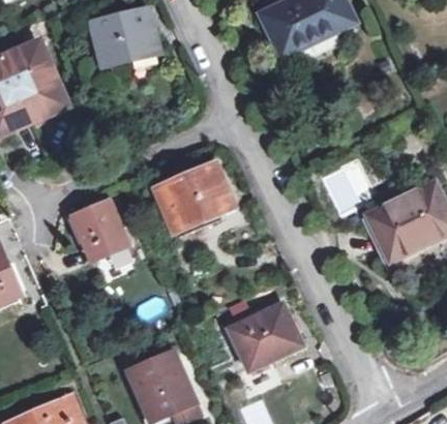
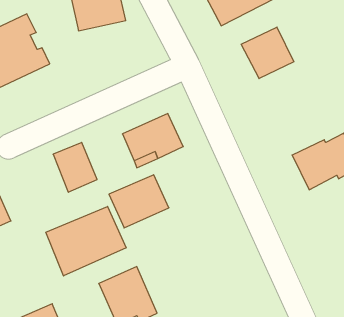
building: none -> [241,27,294,79]
building: none -> [46,206,126,276]
building: [230,306,303,371] -> [109,175,169,228]

